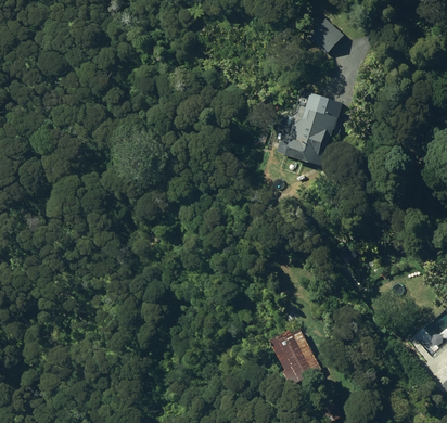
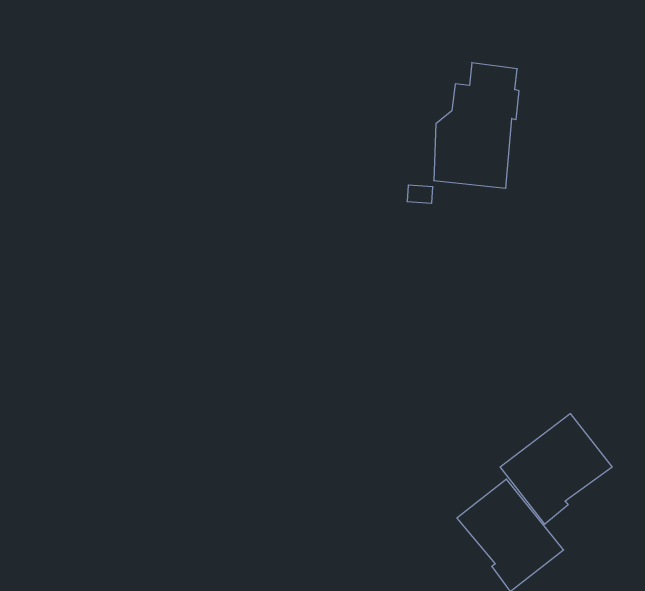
building: none -> [500,414,612,524]

